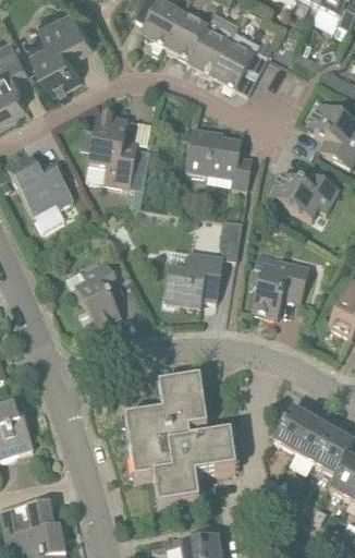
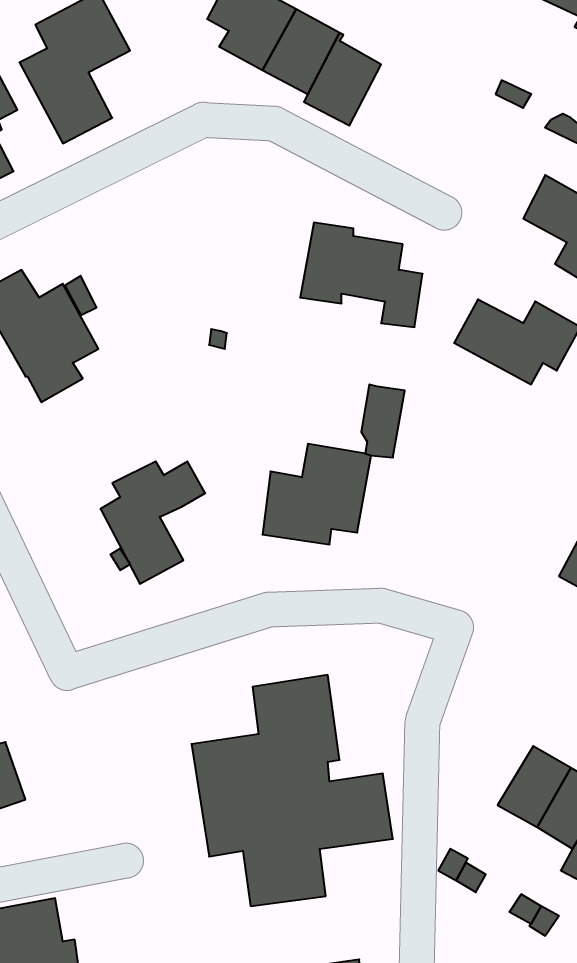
building: [211,40,268,87] -> none
building: [87,111,135,185] -> none
building: [250,257,308,315] -> none
building: [272,404,313,449] -> none

